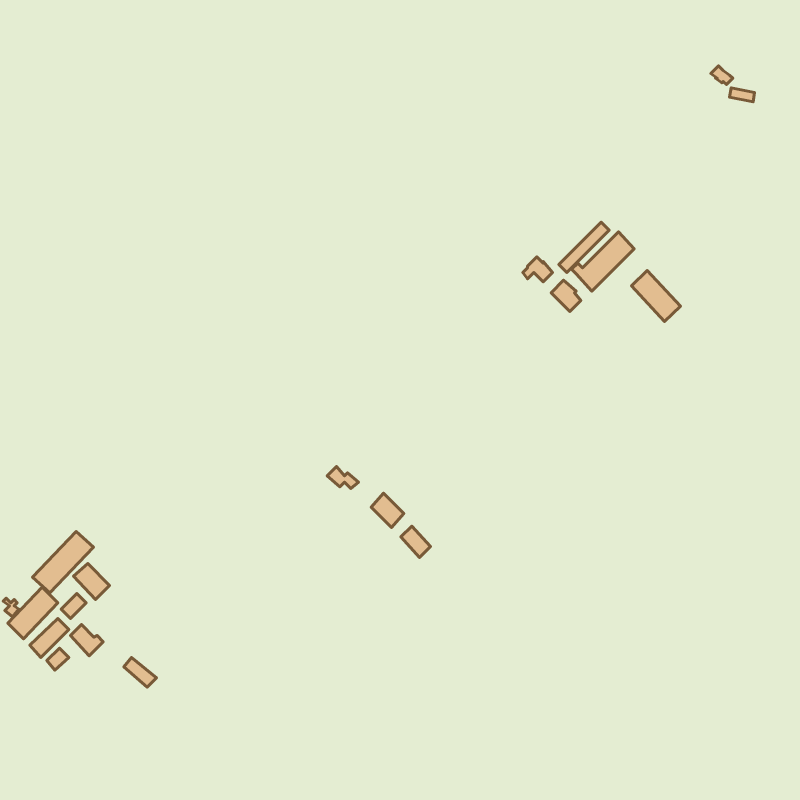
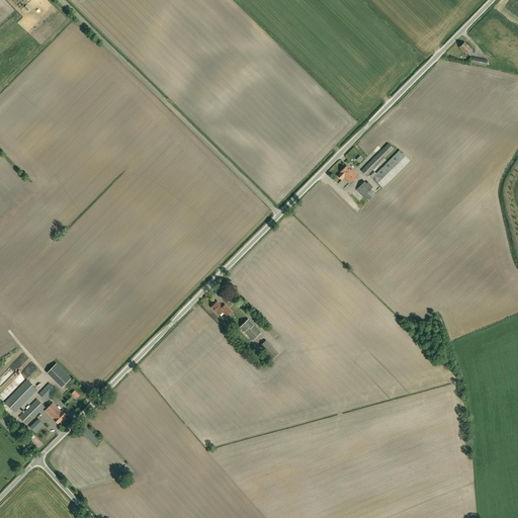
building: [631,271,680,322] -> none
building: [33,532,93,593] -> none

